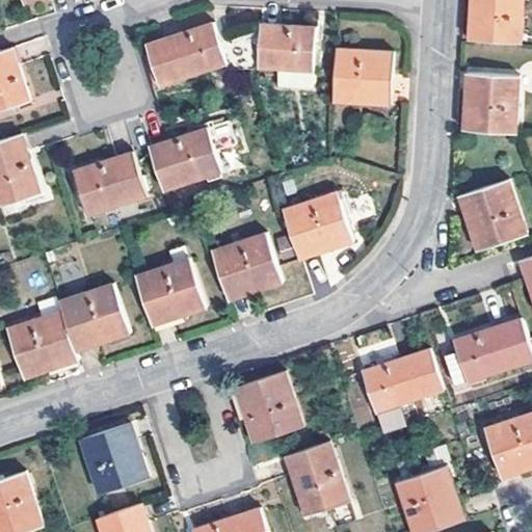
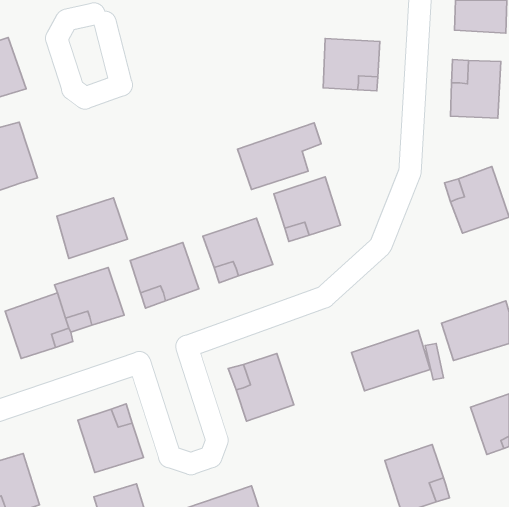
building: [143,23,224,85] -> none
building: [256,24,314,70] -> none
building: [148,121,234,189] -> [237,123,321,189]
building: [72,154,144,216] -> [57,198,128,258]
building: [286,443,349,515] -> none

